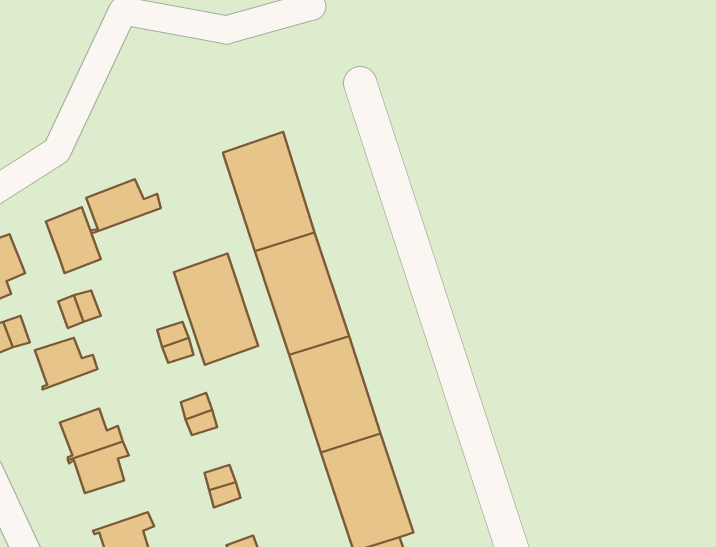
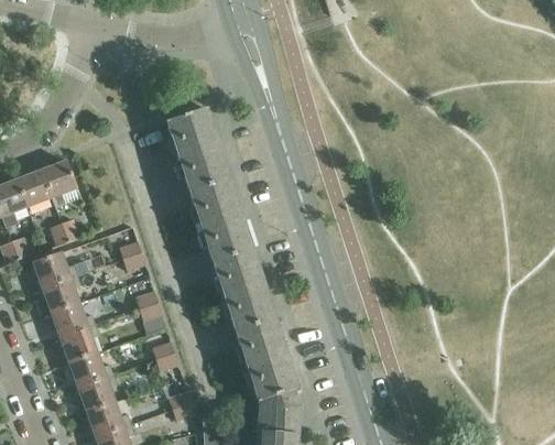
building: [86,179,161,233] -> none
building: none -> [15,172,51,208]
building: [174,253,258,365] -> none
building: none -> [39,275,80,313]
building: none -> [68,354,112,389]

